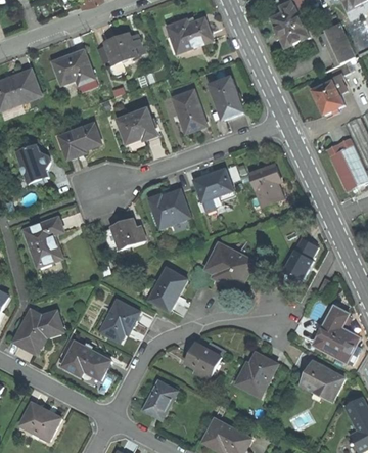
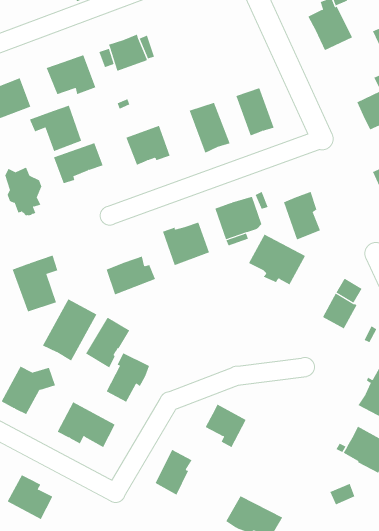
building: [167,18,212,52] -> none
building: none -> [29,105,82,152]
building: [205,243,254,286] -> [248,234,306,285]
building: none -> [42,299,97,361]
building: [148,268,186,311] -> [85,317,130,368]
building: [235,352,277,394] -> none

